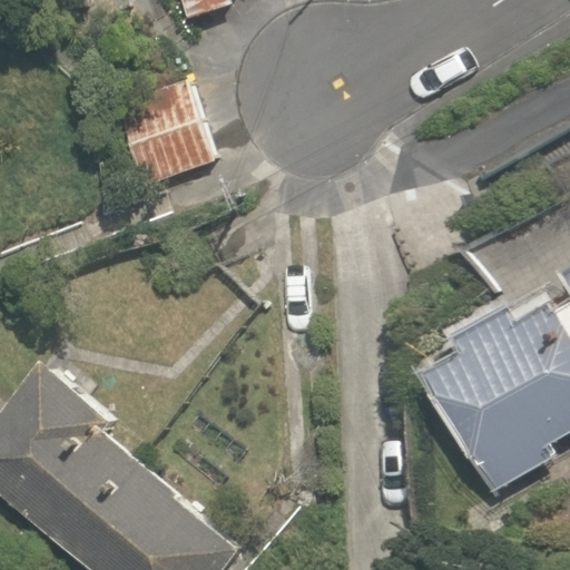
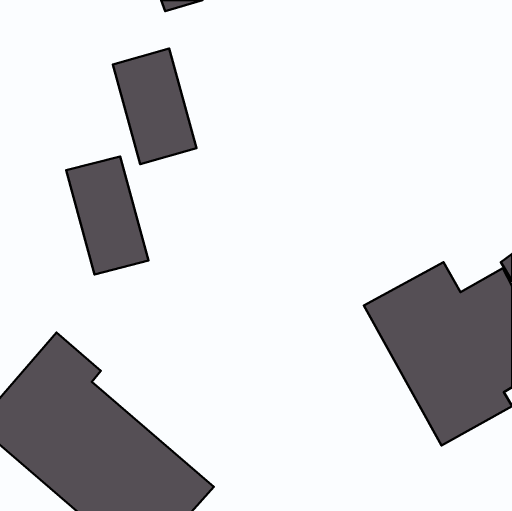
building: none -> [66,156,148,274]

